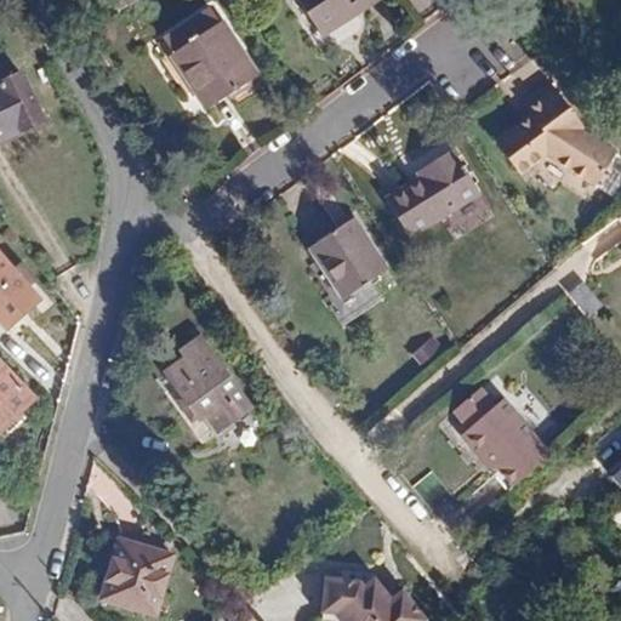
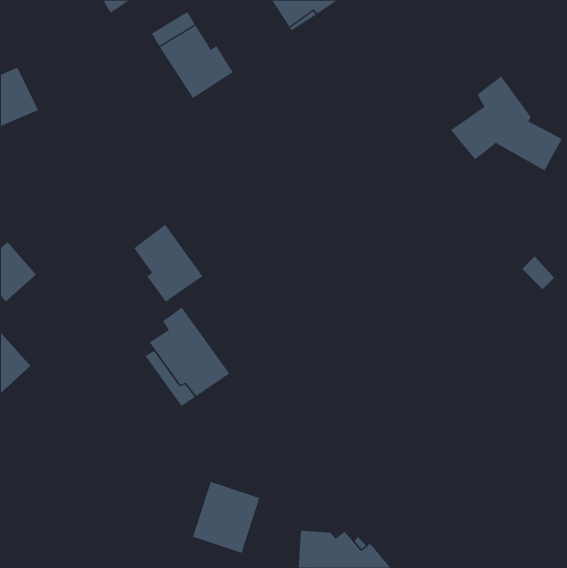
building: [386,148,477,234] -> none
building: [310,216,383,295] -> none
building: none -> [134,224,203,303]
building: [452,392,554,490] -> none
building: [99,528,173,606] -> [192,481,260,553]

